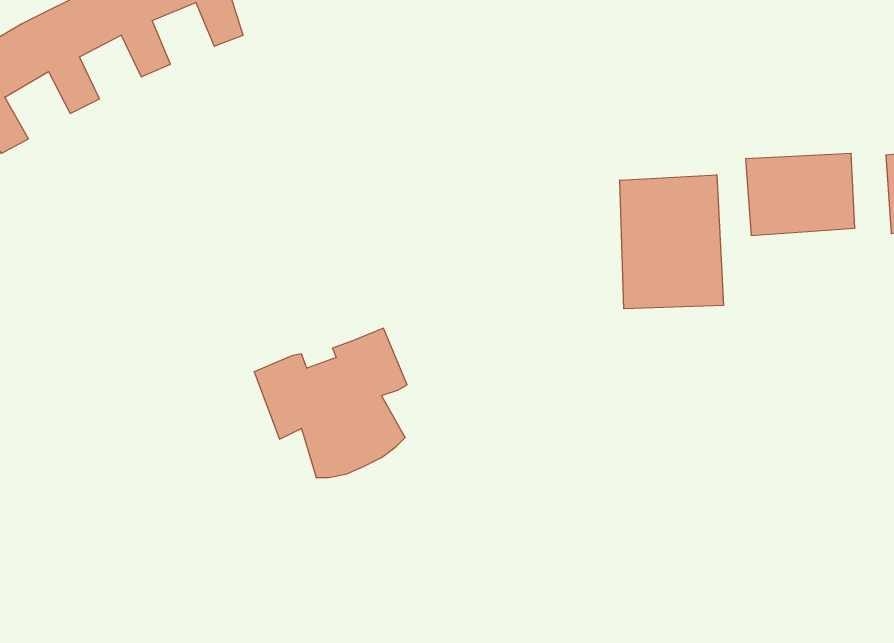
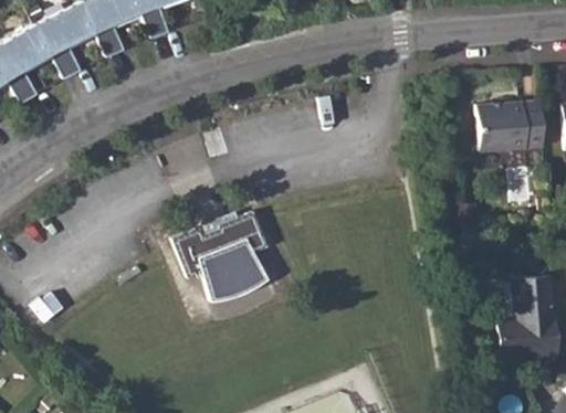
building: [620,175,723,309] -> none
building: none -> [495,280,557,366]

